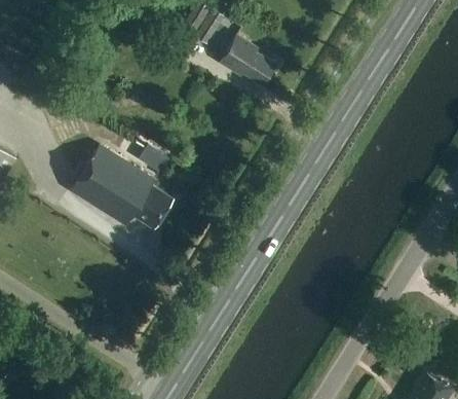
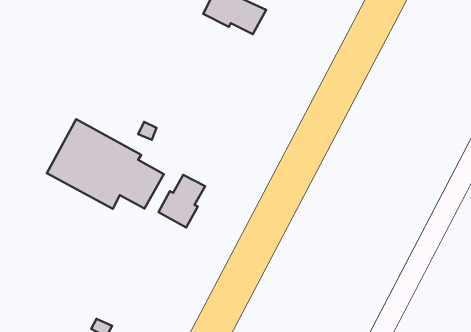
building: none -> [158,175,205,227]

